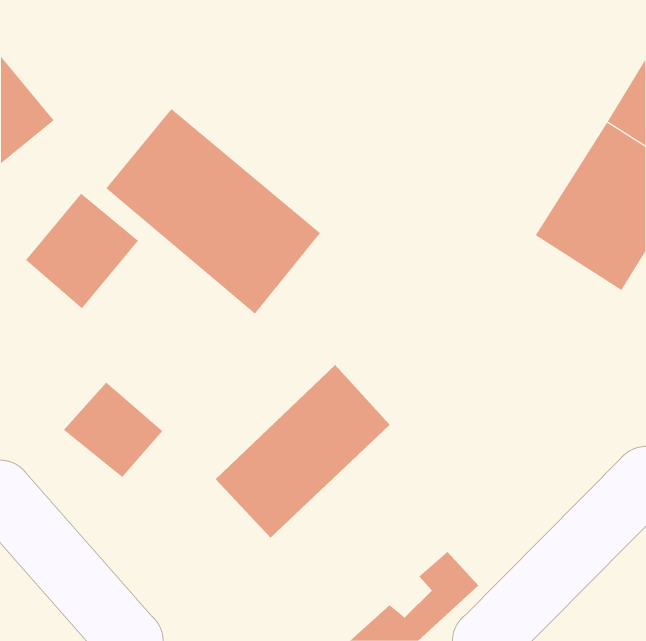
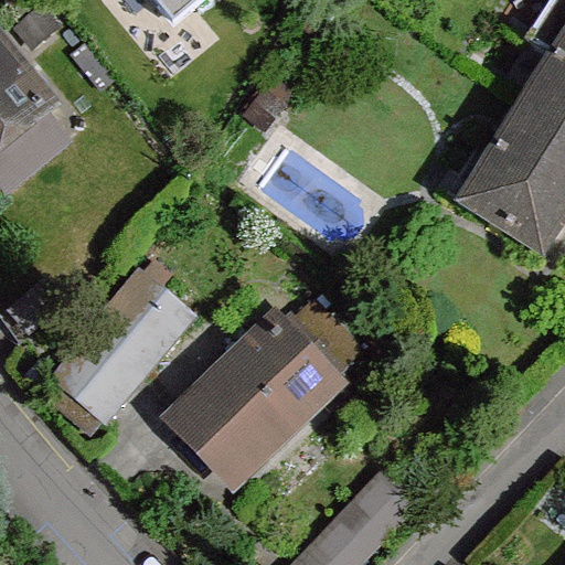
building: [105,108,321,315] -> none
building: [25,193,139,309] -> [93,275,192,376]

